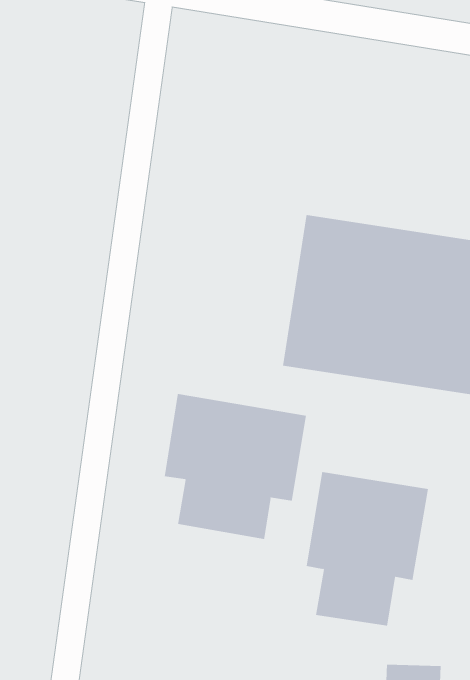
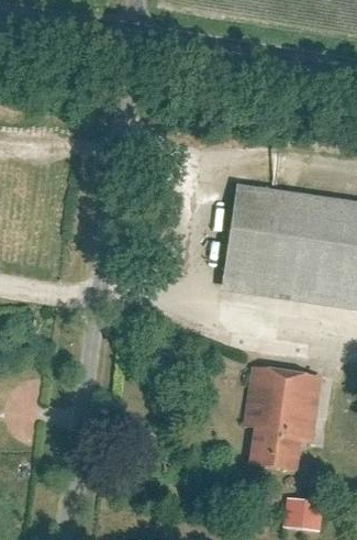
building: [164,393,307,540] -> none

